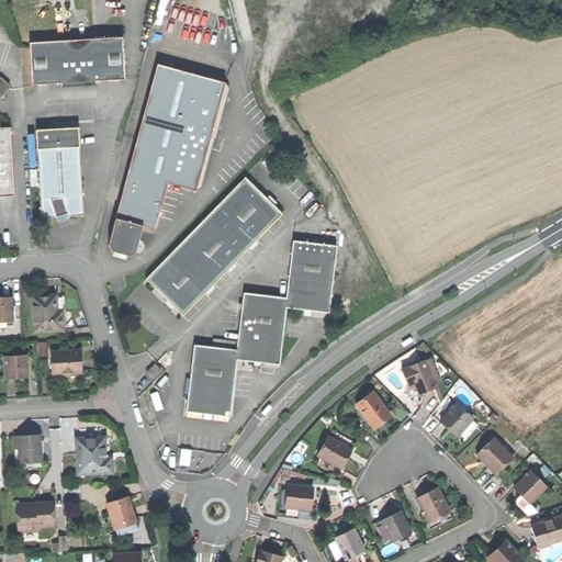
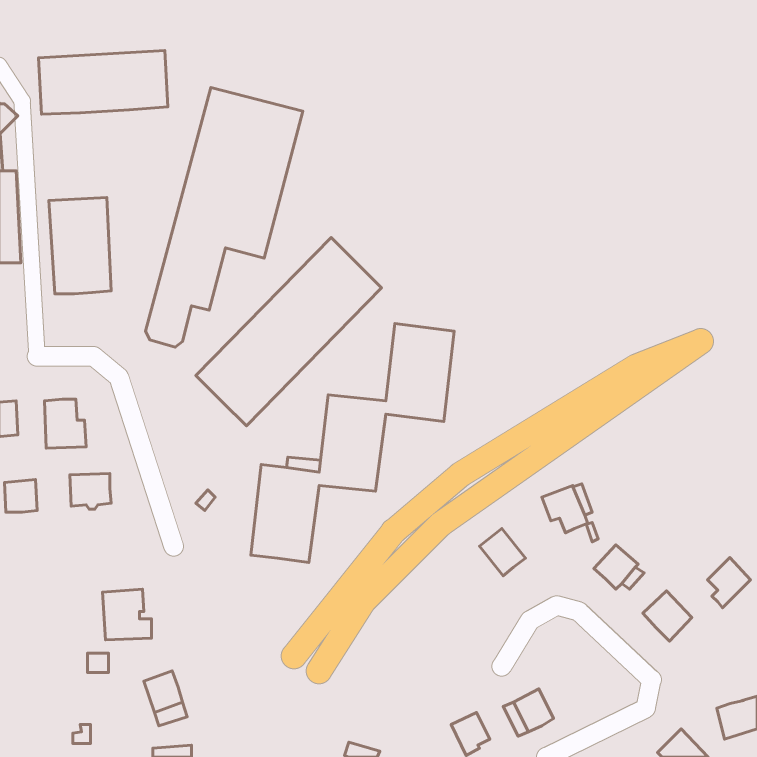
building: [36,127,79,148] -> none
building: [12,435,42,463] -> none
building: [316,435,351,468] -> none
building: [513,470,544,507] -> [707,557,751,608]
building: [284,484,312,508] -> none
building: [416,487,448,520] -> none
building: [15,502,54,532] -> none

